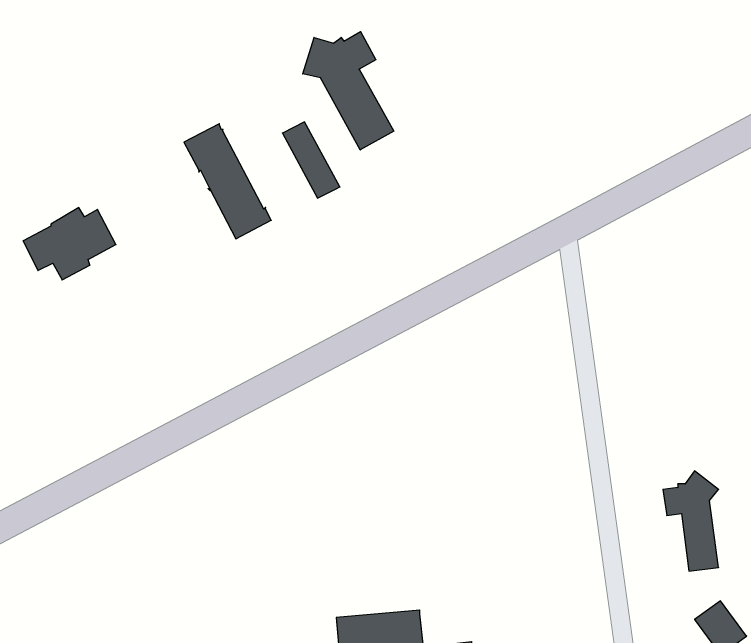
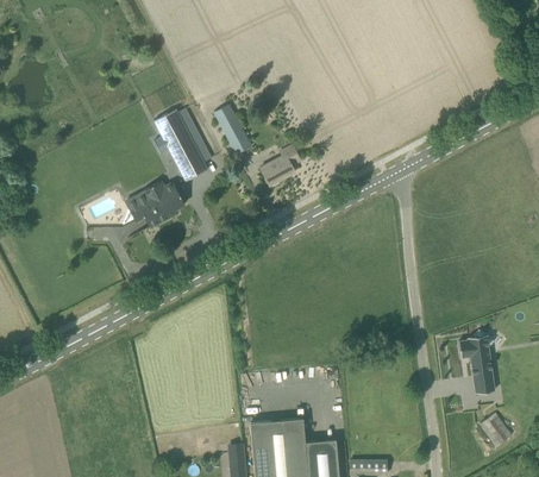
building: [303,32,394,150] -> none
building: none -> [261,145,301,186]
building: [23,208,116,280] -> [126,180,186,226]

